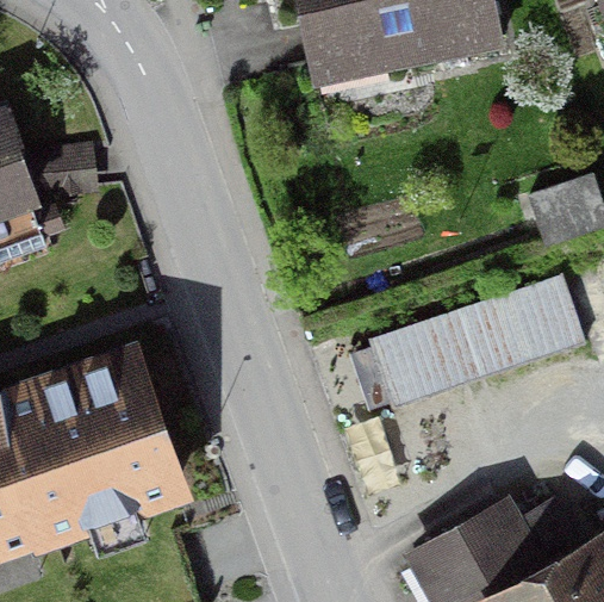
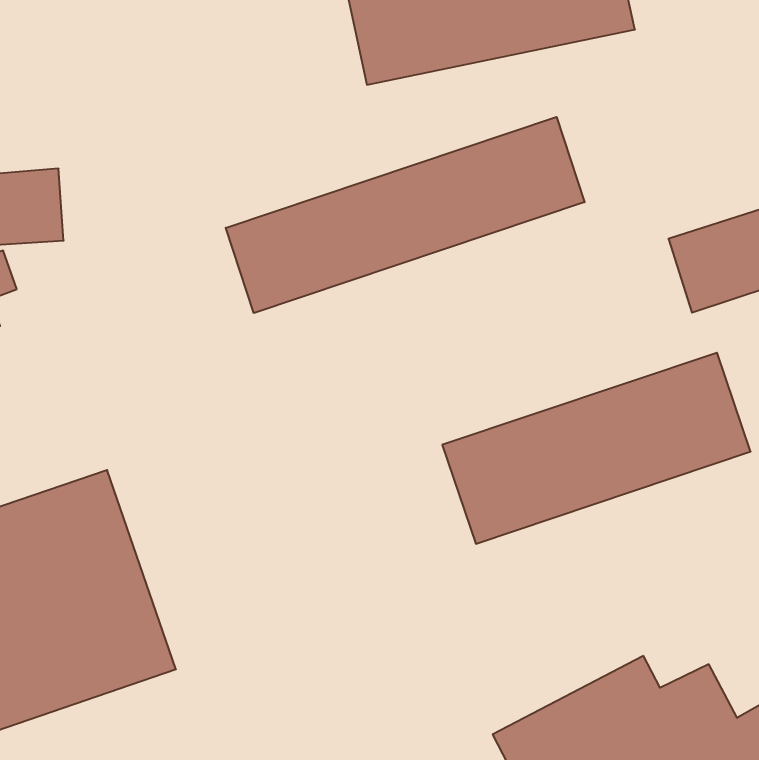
building: none -> [226,117,585,313]

